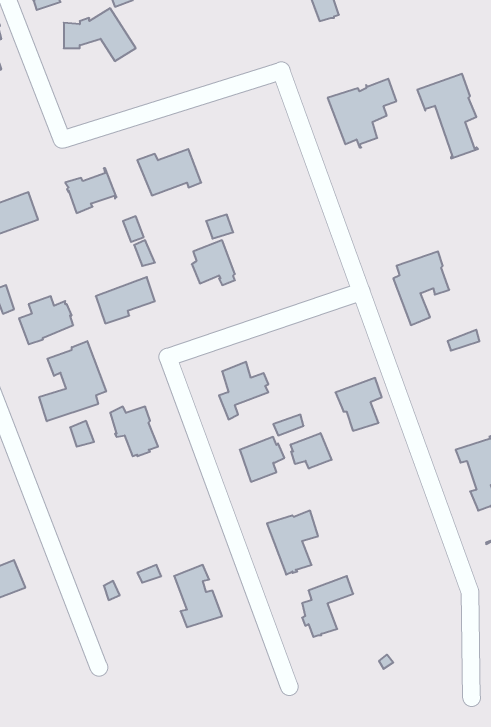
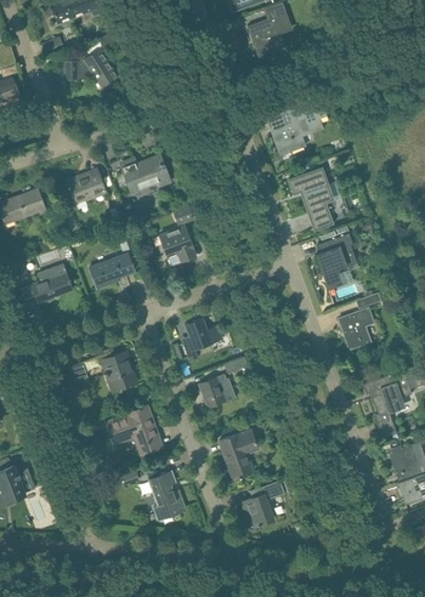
building: [417,74,478,158] -> [288,167,334,232]
building: [39,341,106,421] -> none
building: [335,378,382,431] -> [338,307,373,347]
building: [291,433,332,469] -> none
building: none -> [106,405,161,454]

